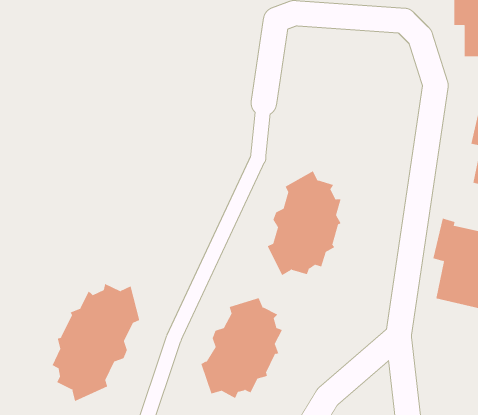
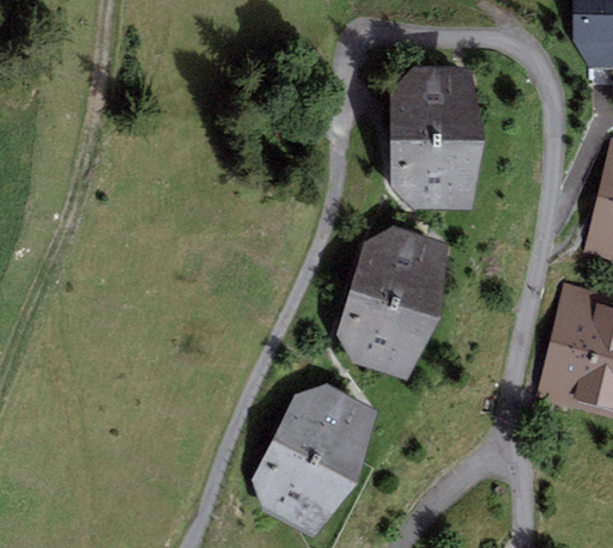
building: none -> [392,67,477,205]
building: [52,283,140,402] -> none

